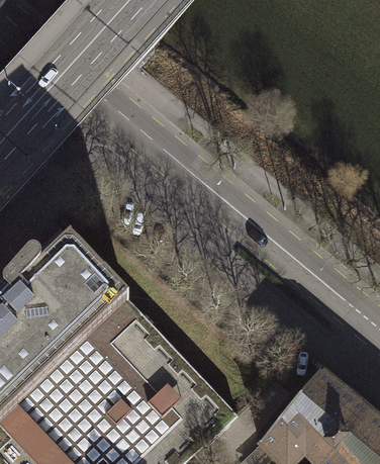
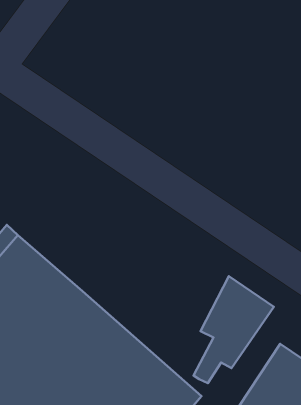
building: none -> [194,276,274,383]

